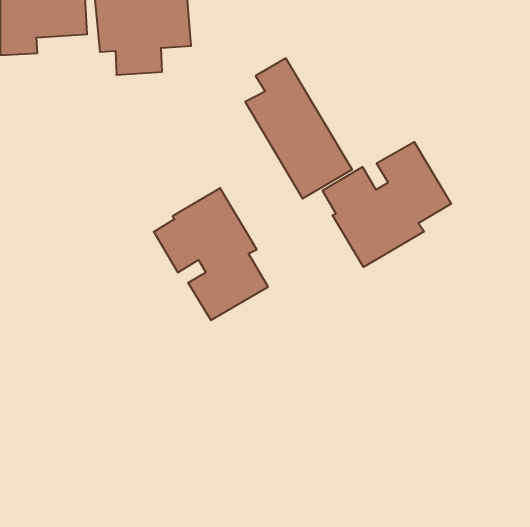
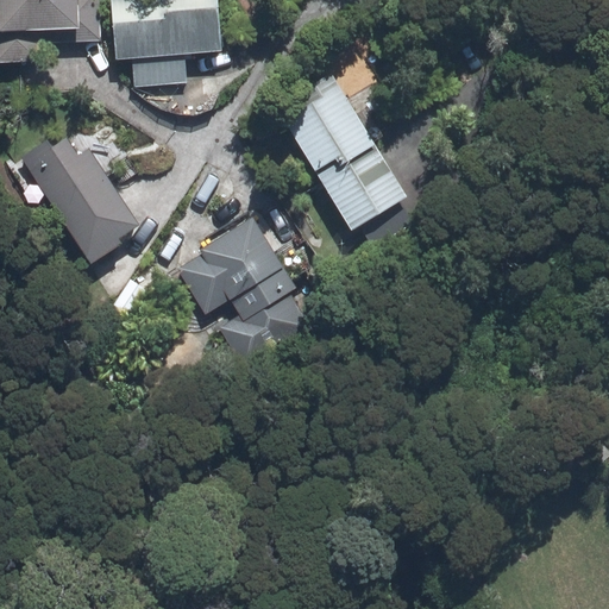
building: none -> [21,138,137,260]
building: [323,142,451,267] -> none

